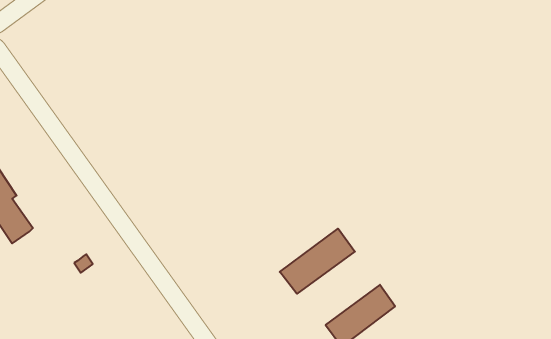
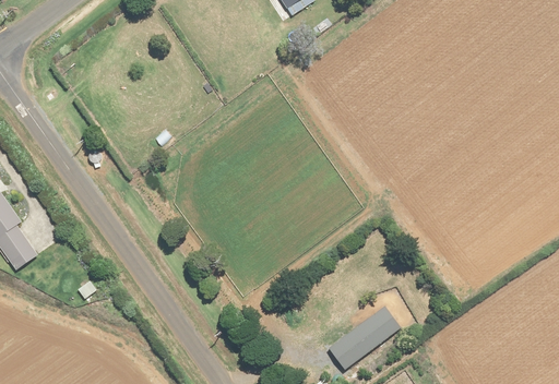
building: [280,229,355,294] -> none

